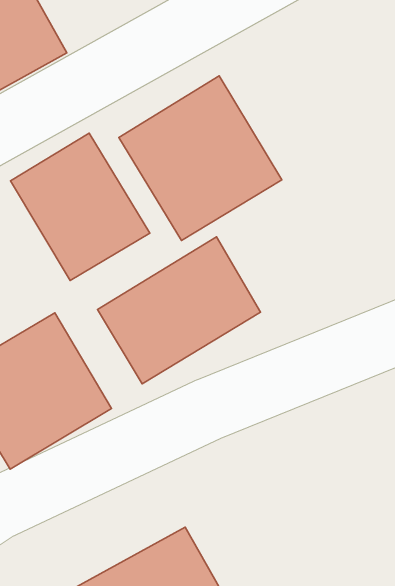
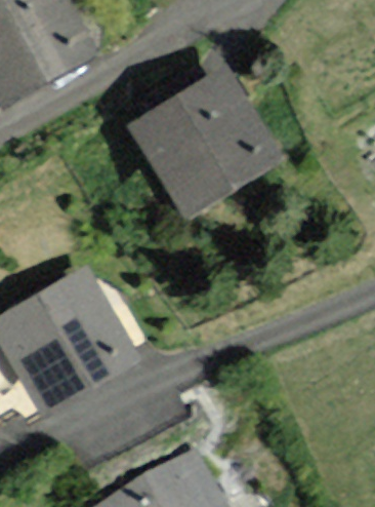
building: [11,133,150,281] -> none
building: [97,237,261,384] -> none

